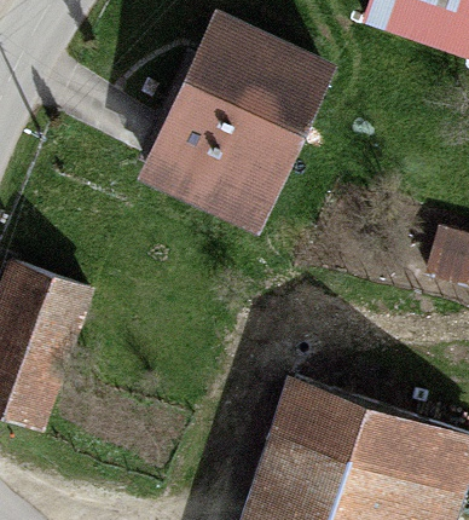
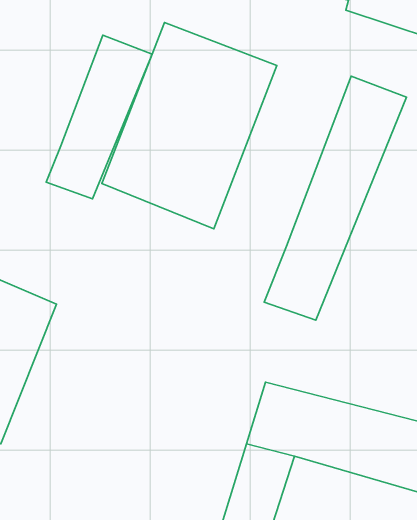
building: none -> [46,35,152,199]
building: none -> [264,76,406,320]

